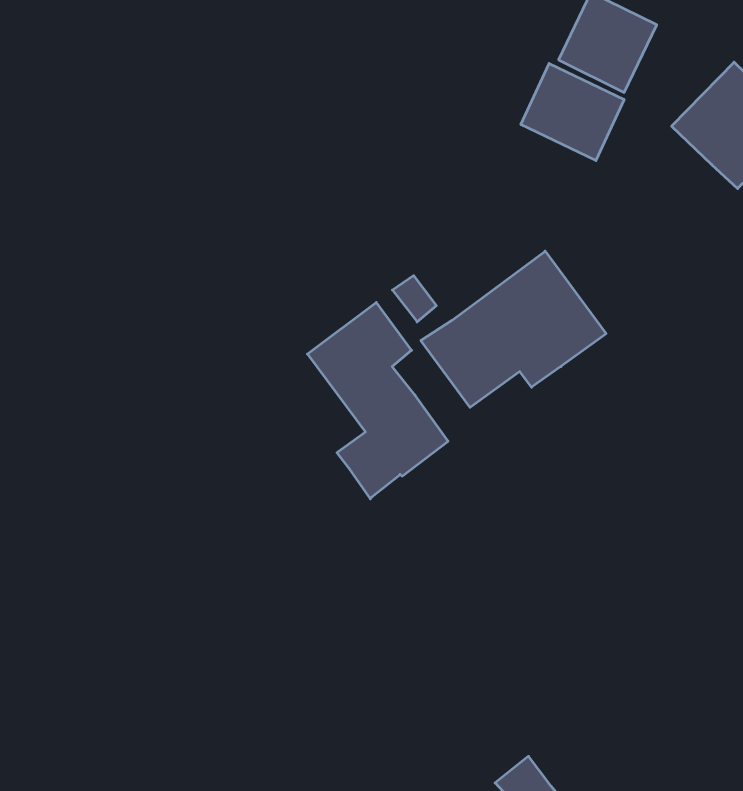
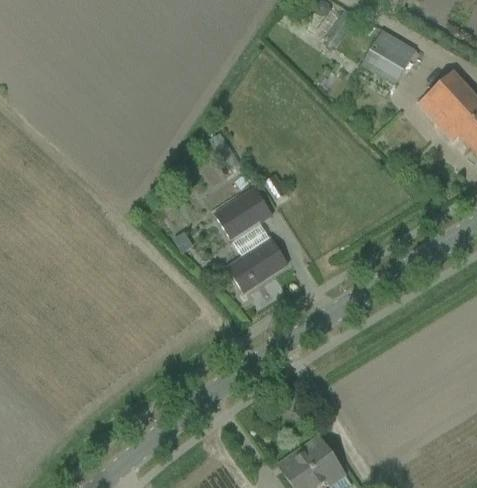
building: [521,63,624,161] -> none
building: [421,251,606,407] -> none

